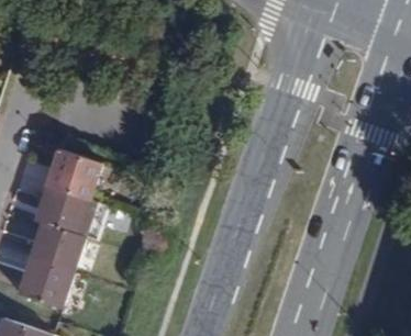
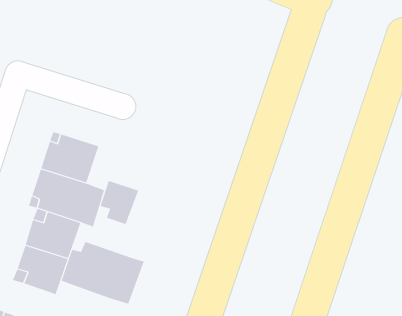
building: none -> [100,180,139,225]
building: none -> [61,241,144,304]

